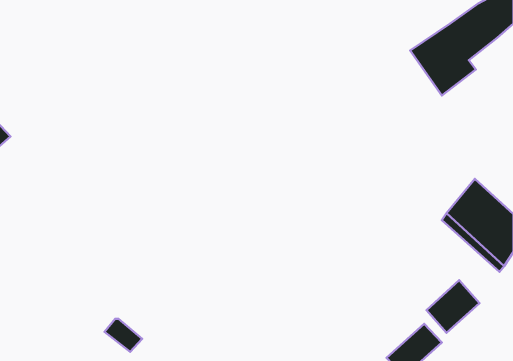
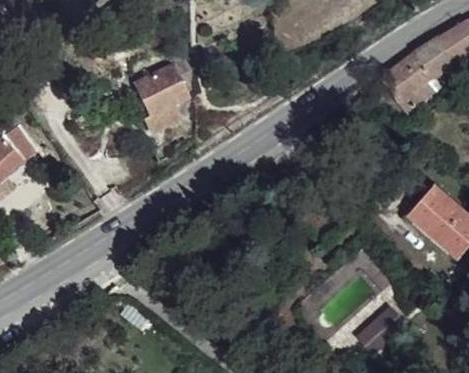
building: none -> [135,48,192,132]
building: [426,280,479,333] -> none

